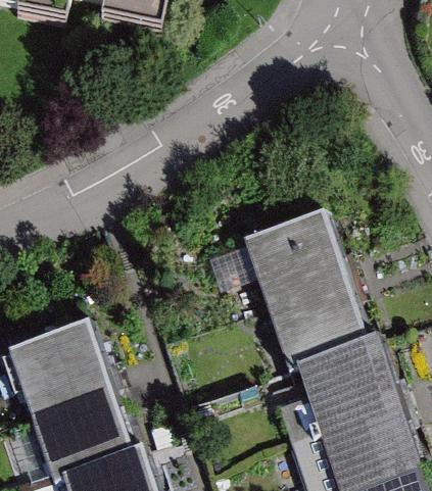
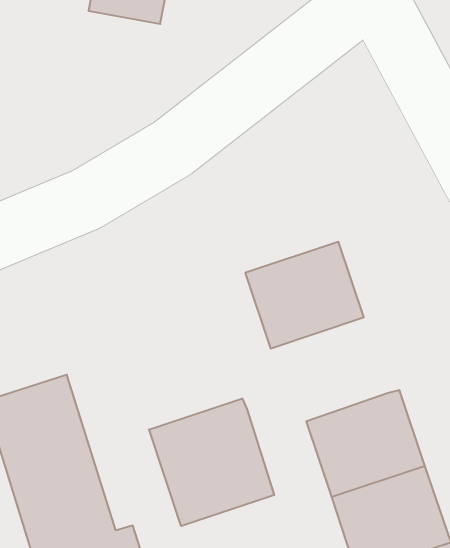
building: [265,276,366,366] -> none
building: none -> [149,398,274,526]

